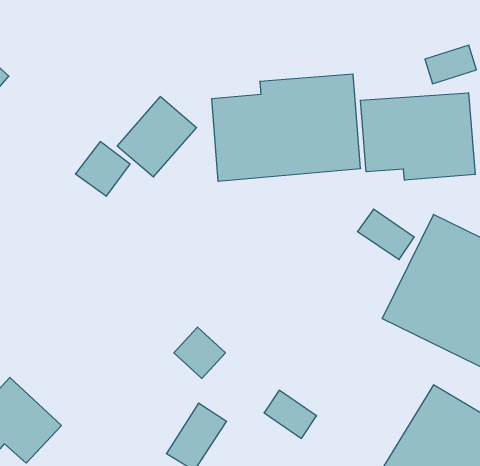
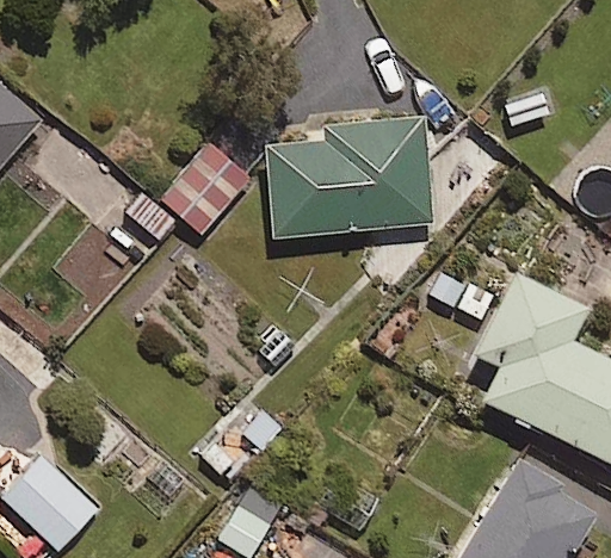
building: [360,93,475,180] -> none

